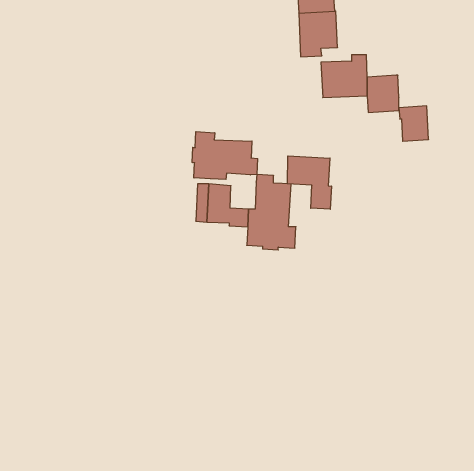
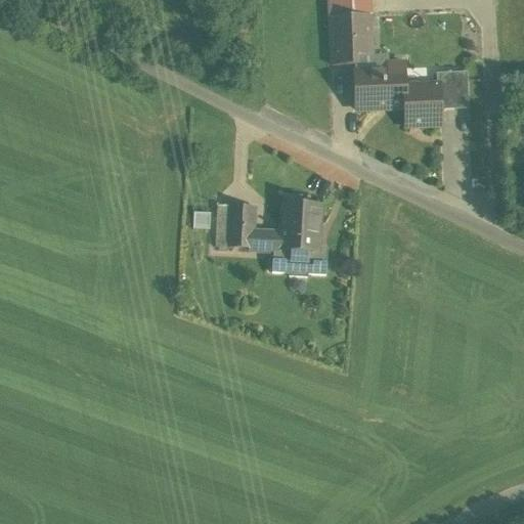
building: [399,106,429,141] -> [436,69,469,107]
building: [192,132,258,179] -> none
building: [287,156,331,209] -> none

